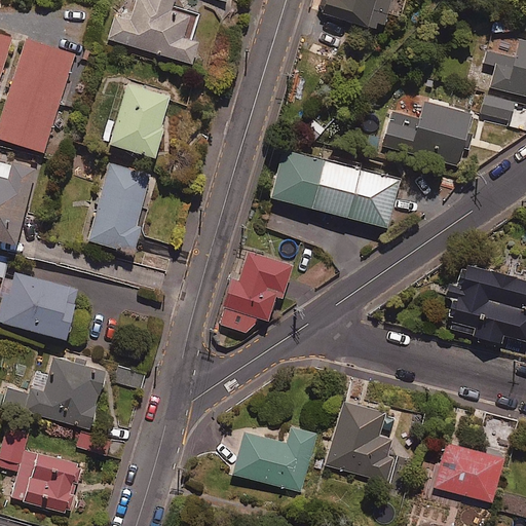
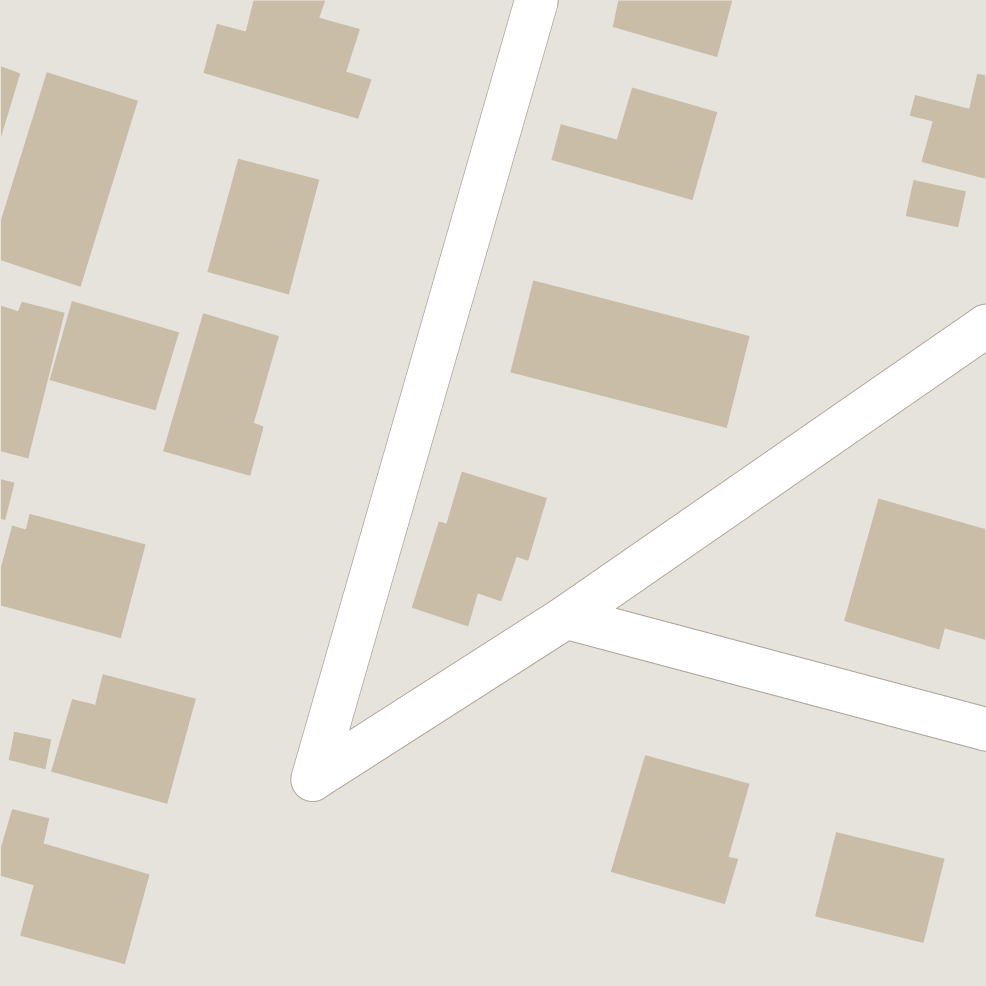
building: [382,102,472,162] -> [550,87,718,201]
building: none -> [49,300,180,411]
building: [233,426,316,492] -> none

